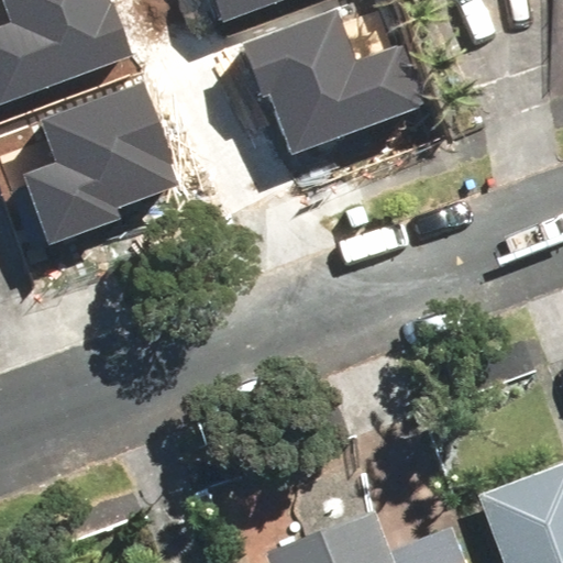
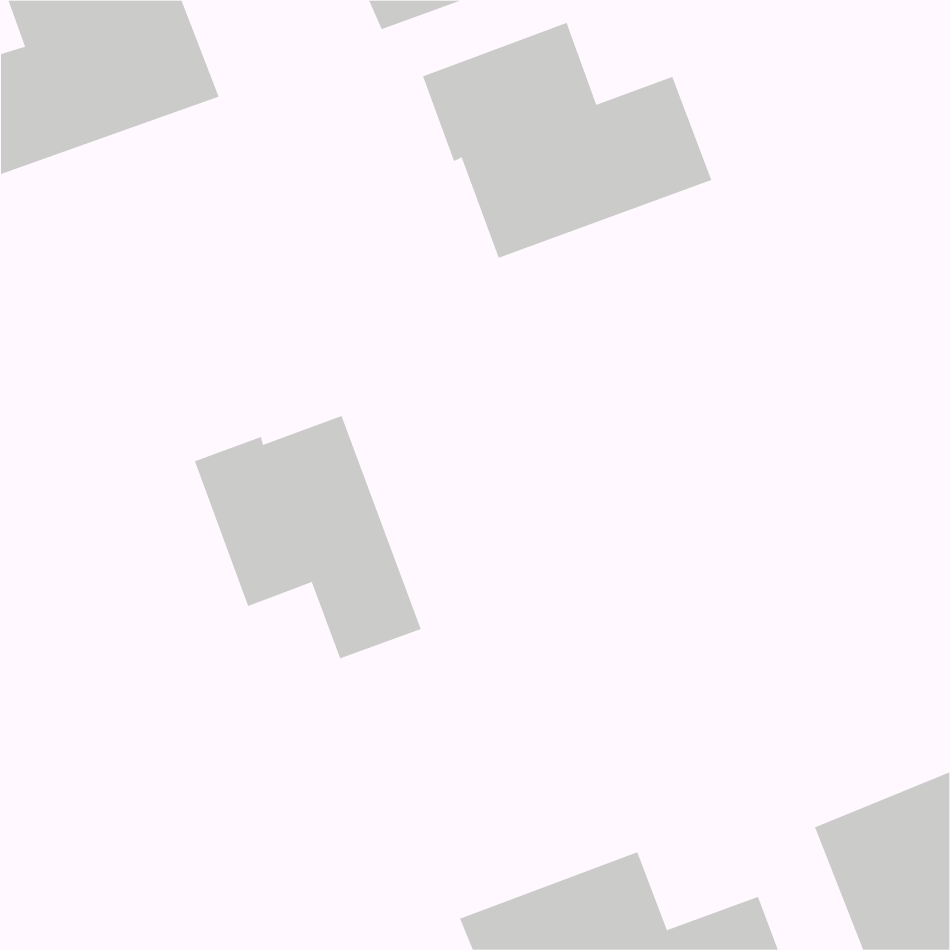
building: [25,84,178,243] -> none
building: none -> [194,415,422,659]

